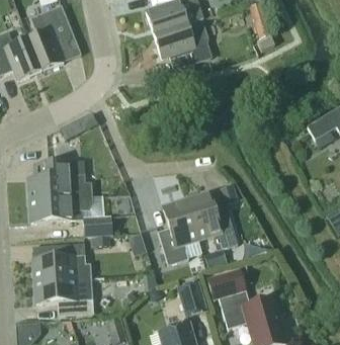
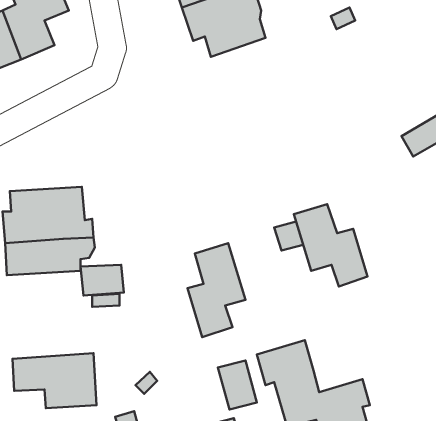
building: [185,192,237,250] -> [294,204,368,287]
building: [32,243,91,280] -> none

